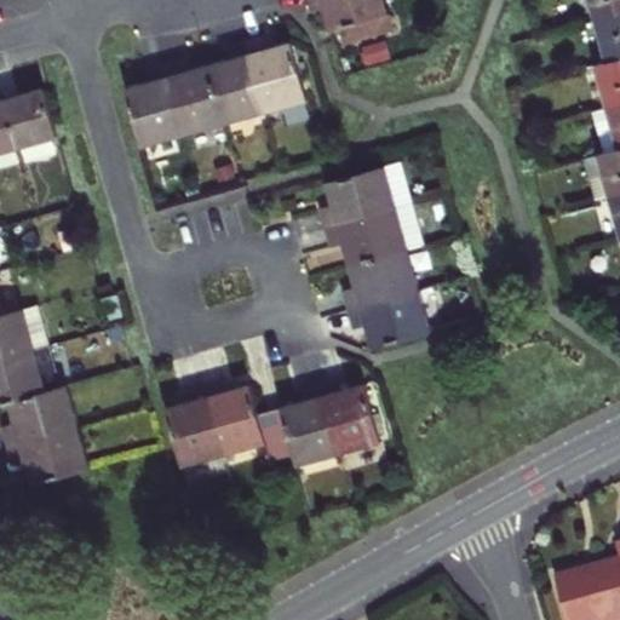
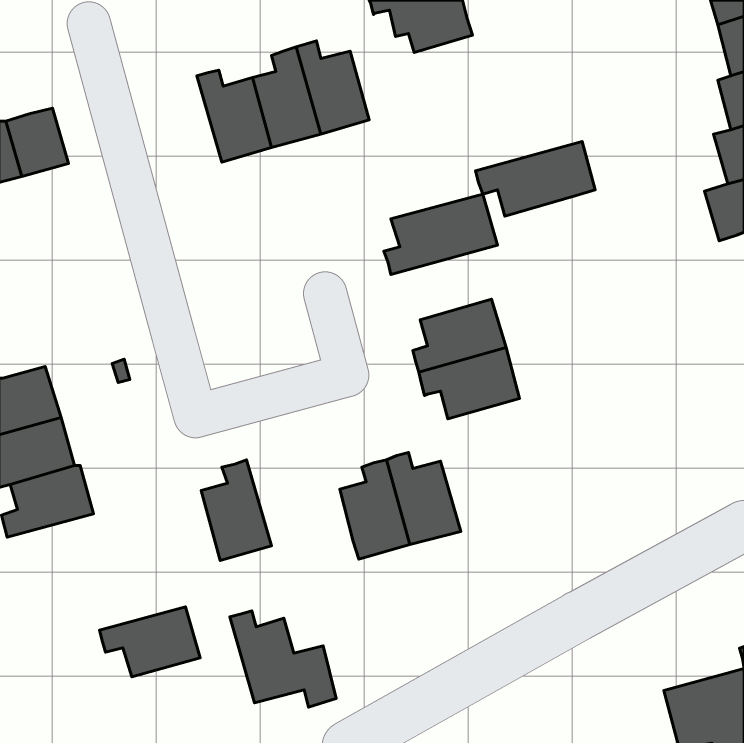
building: [126,65,184,149] -> none
building: [325,206,424,268] -> [476,142,595,216]
building: [205,379,293,459] -> [230,611,336,707]
building: [6,429,90,487] -> [100,607,200,677]

